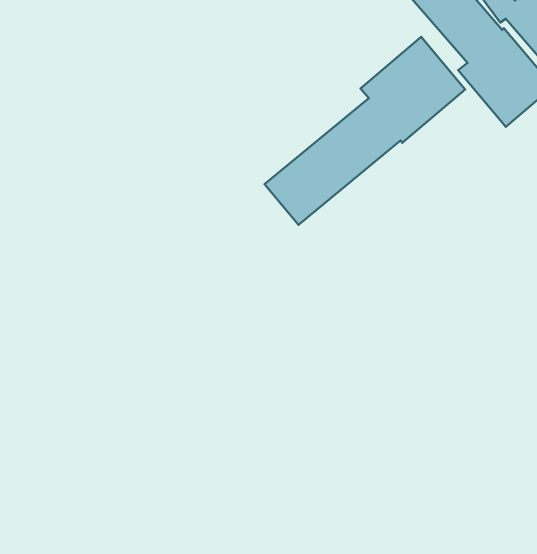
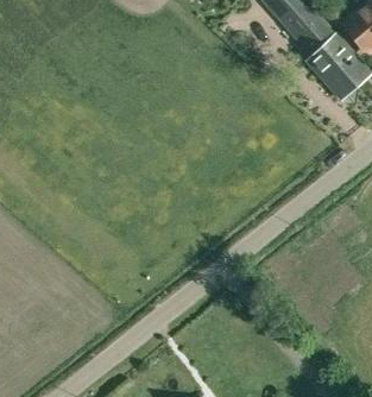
building: [264,37,465,225] -> none

